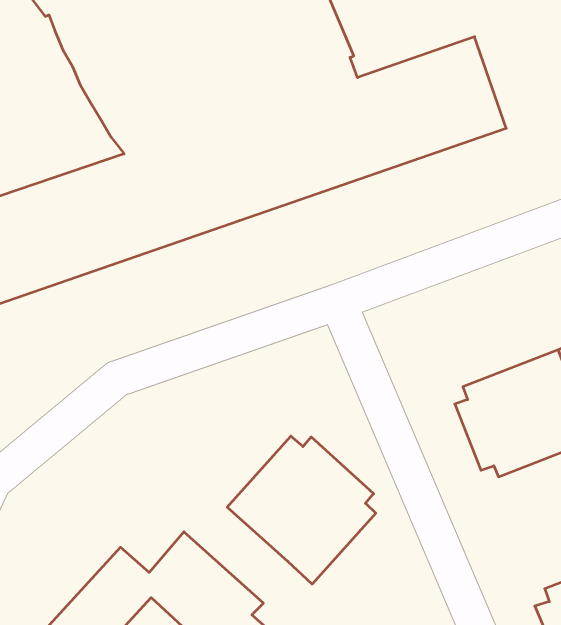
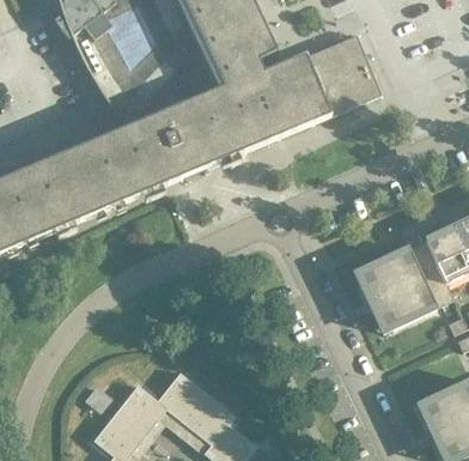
building: [227,436,376,584] -> none

